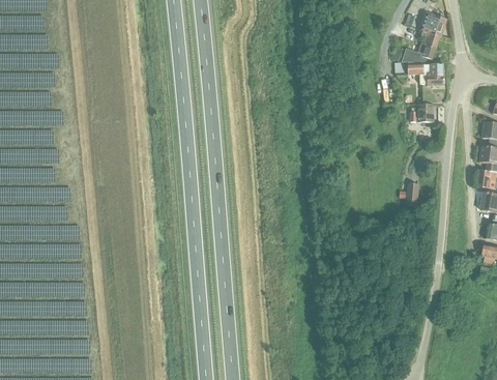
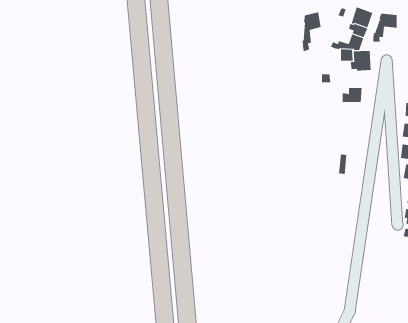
building: none -> [302,11,321,52]
building: none -> [373,13,397,43]

